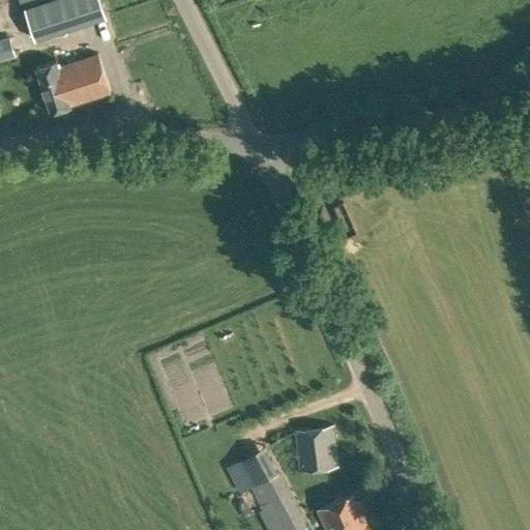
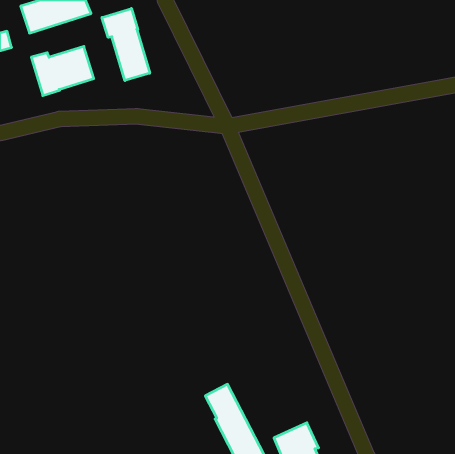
building: none -> [102,8,150,81]
building: [294,428,337,473] -> none

